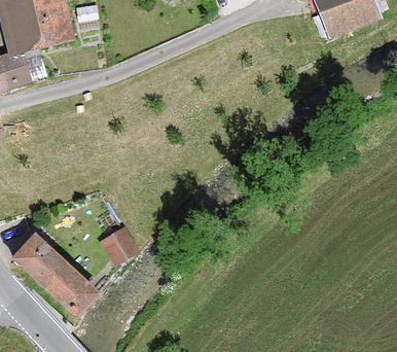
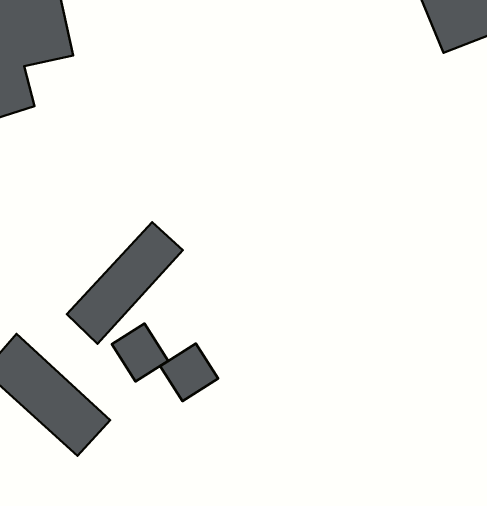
building: none -> [67,222,183,344]
building: none -> [160,343,218,401]

